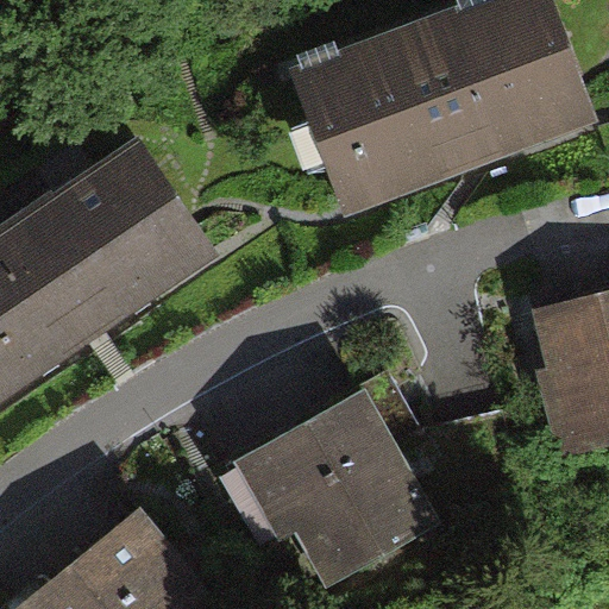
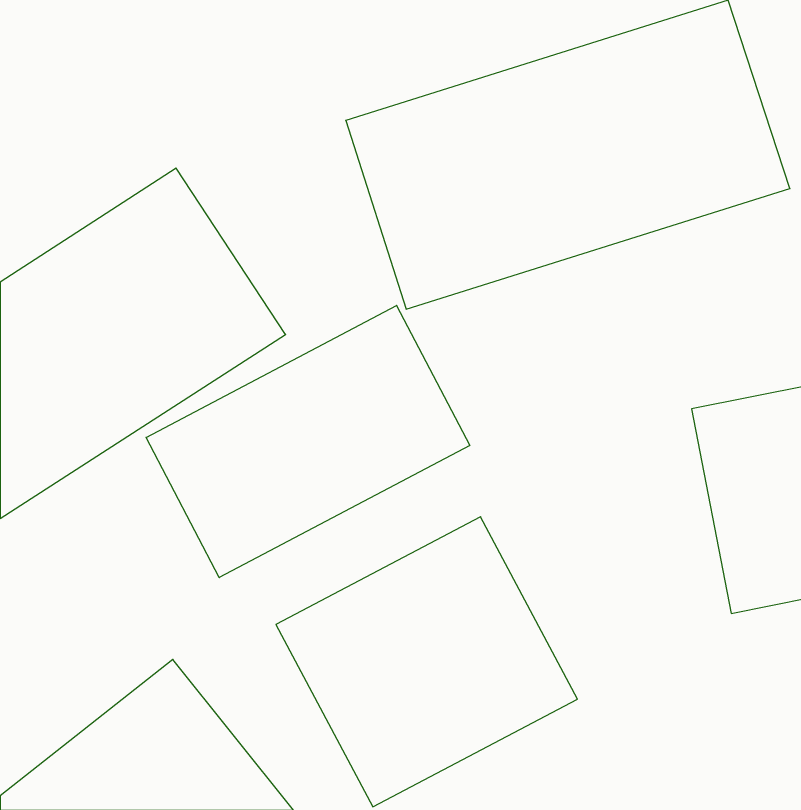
building: none -> [146,305,470,578]

